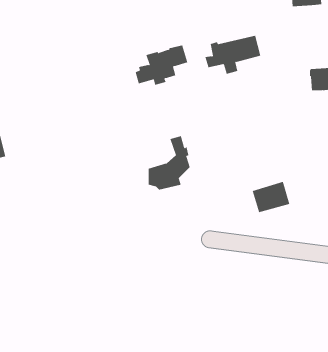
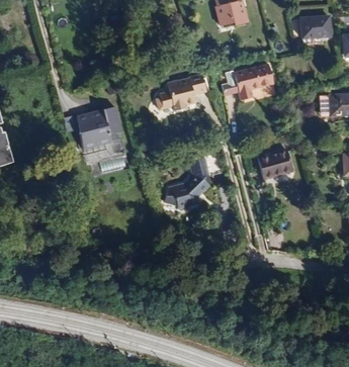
building: none -> [73,107,118,147]
building: [252,181,290,213] -> [257,150,292,179]

